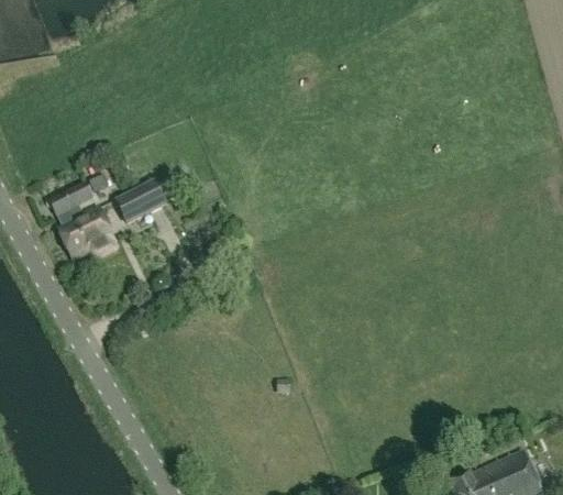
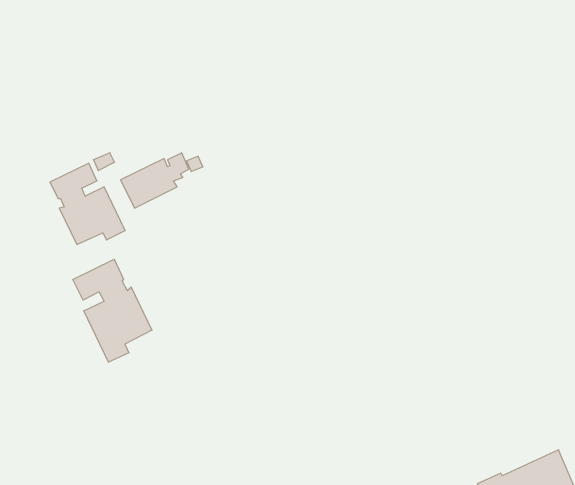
building: none -> [73,259,152,362]

